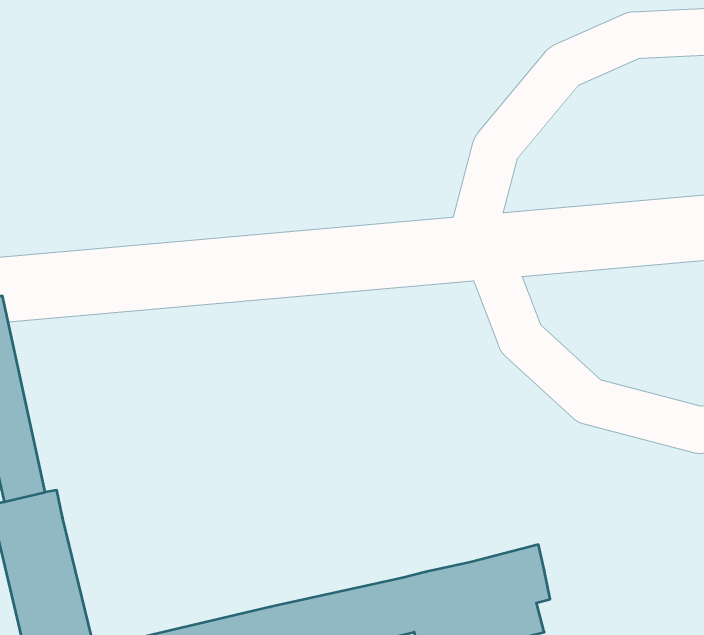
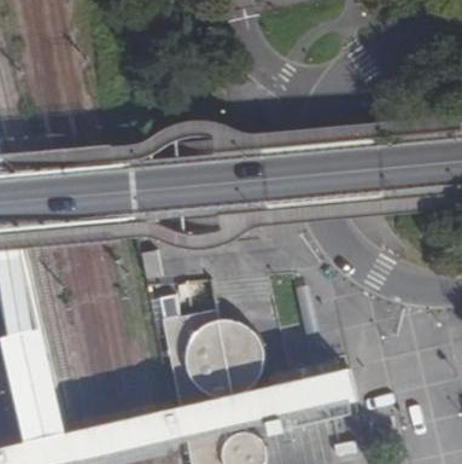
building: none -> [160,318,264,407]

